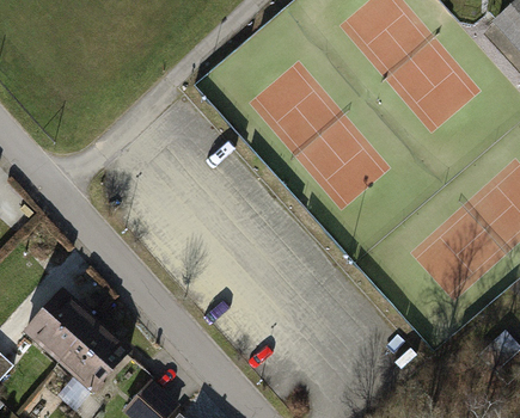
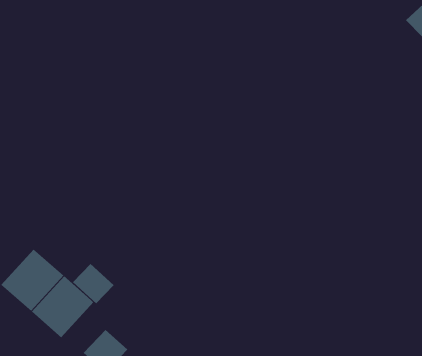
building: none -> [72,263,115,304]

